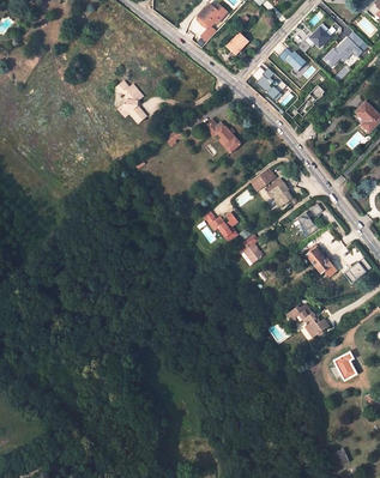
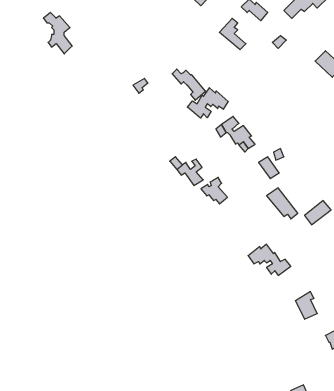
building: [117,80,147,123] -> [43,12,72,54]
building: none -> [187,88,228,118]

